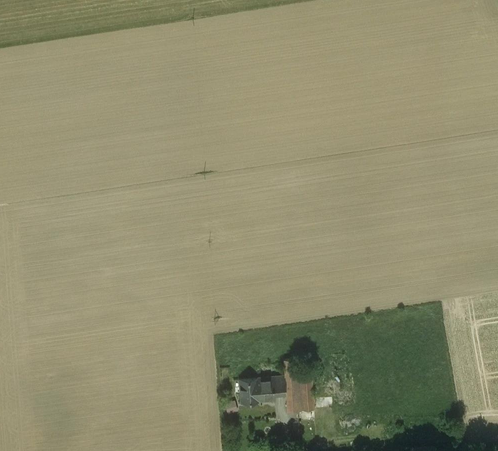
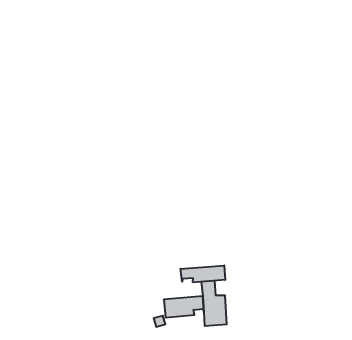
building: none -> [181,265,225,282]

